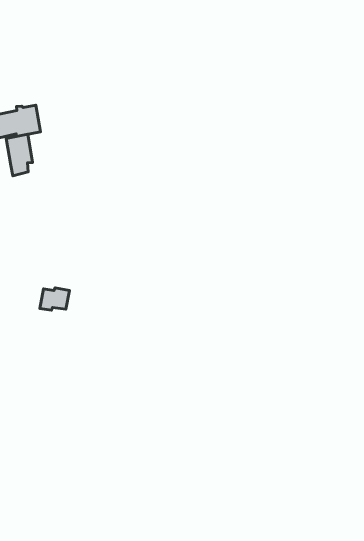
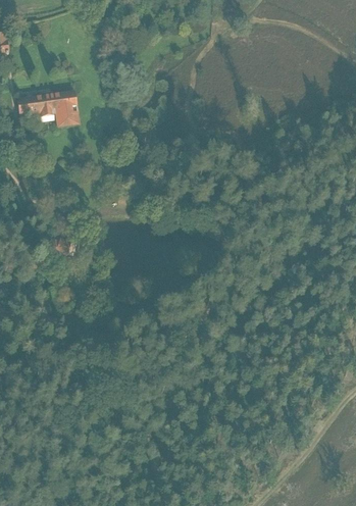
building: [6,134,33,176] -> [58,94,78,125]

